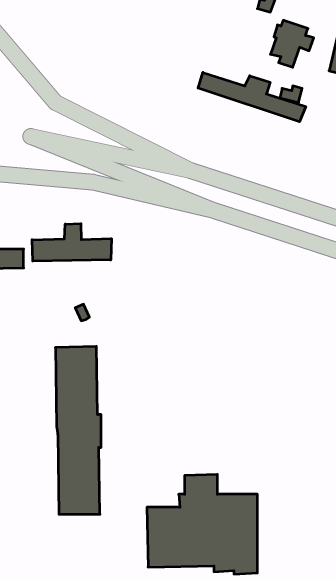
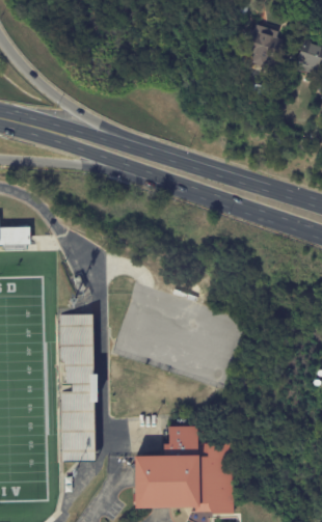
building: [198,72,306,122] -> none
building: [32,224,111,261] -> none

